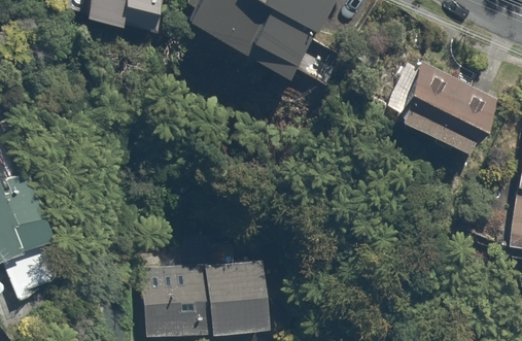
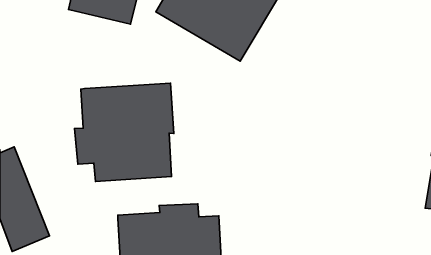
building: [389,67,487,156] -> none
building: none -> [75,83,174,182]

